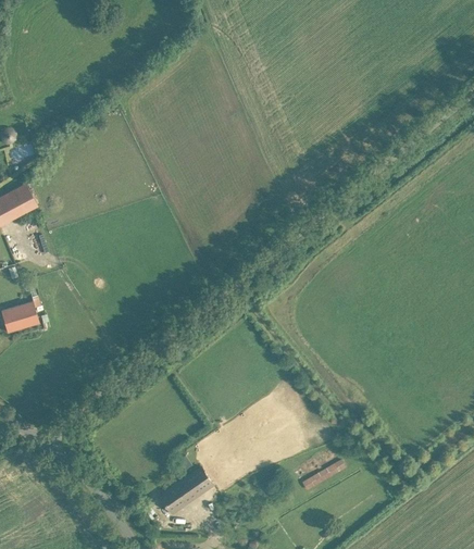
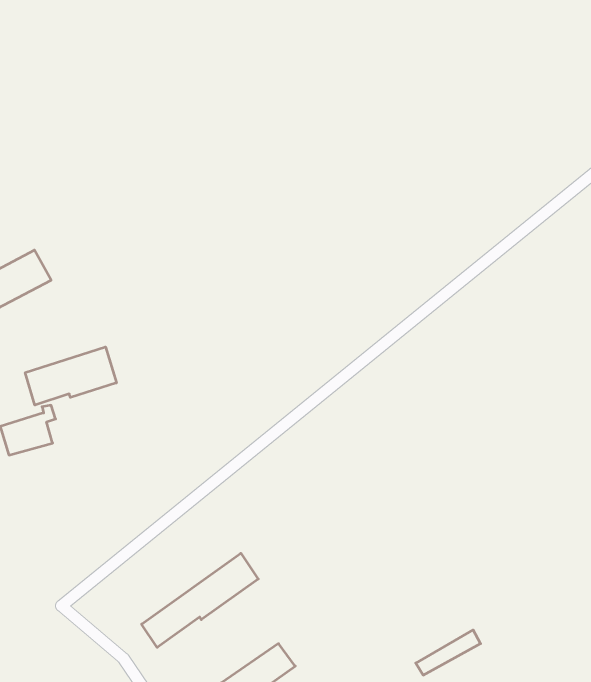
building: none -> [25,347,116,405]
building: none -> [142,553,258,647]

